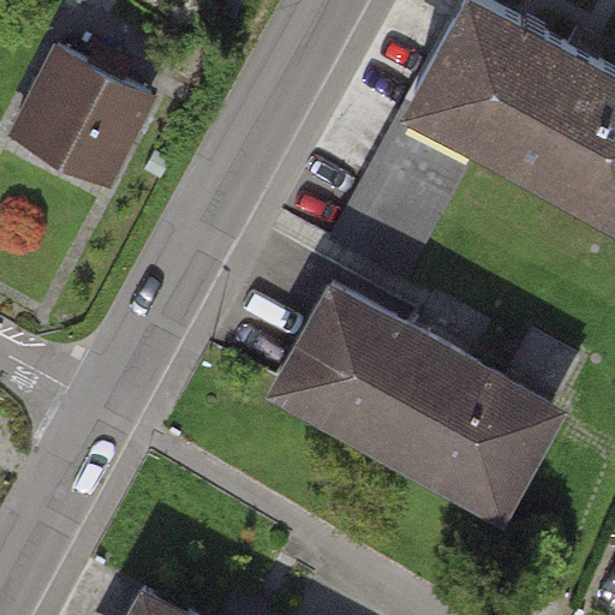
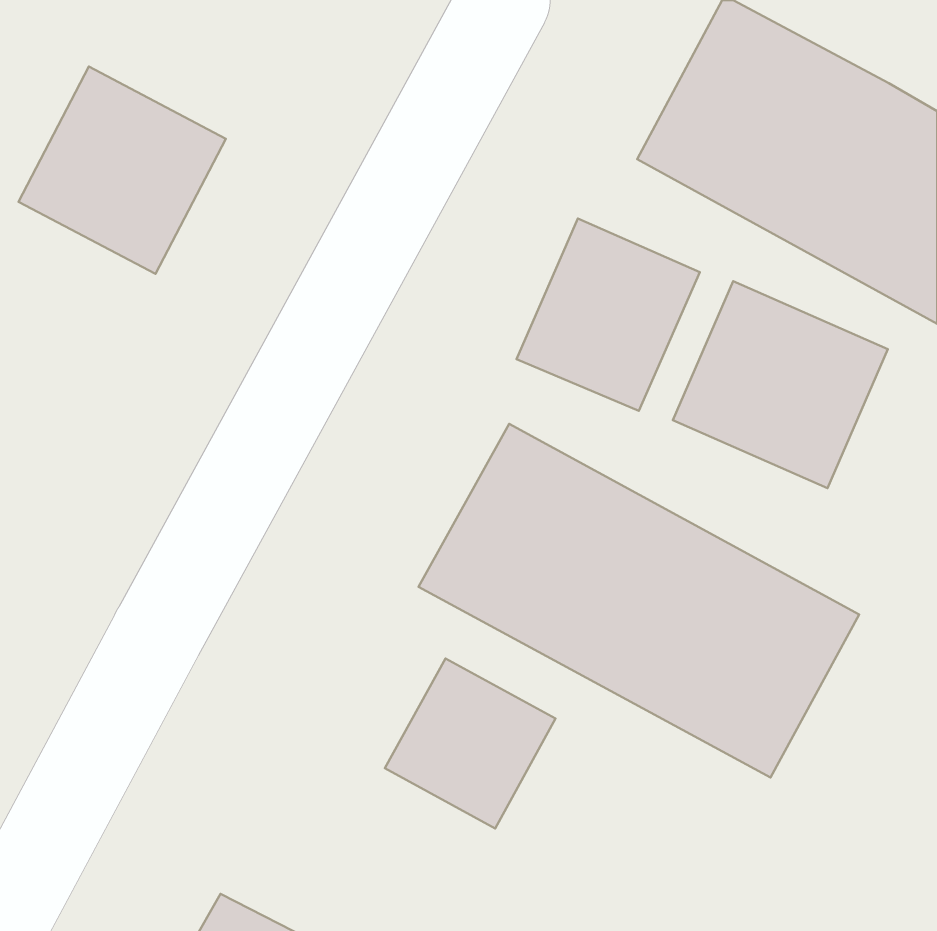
building: none -> [673,281,888,488]
building: none -> [385,659,556,828]

